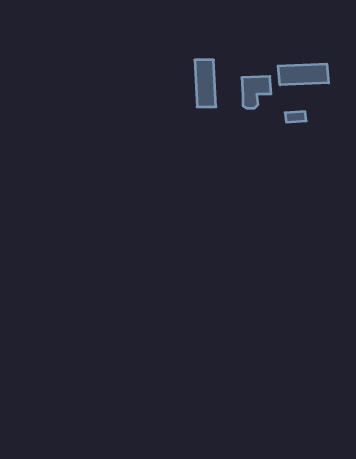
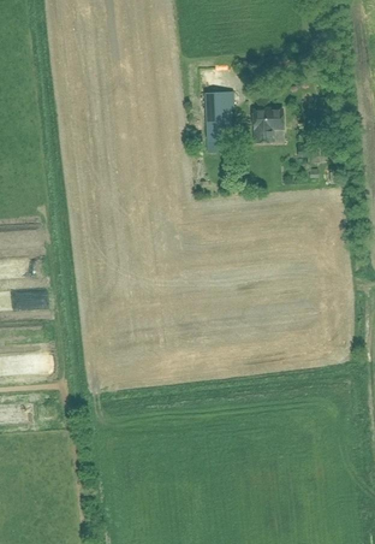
building: [278,64,329,85] -> none

